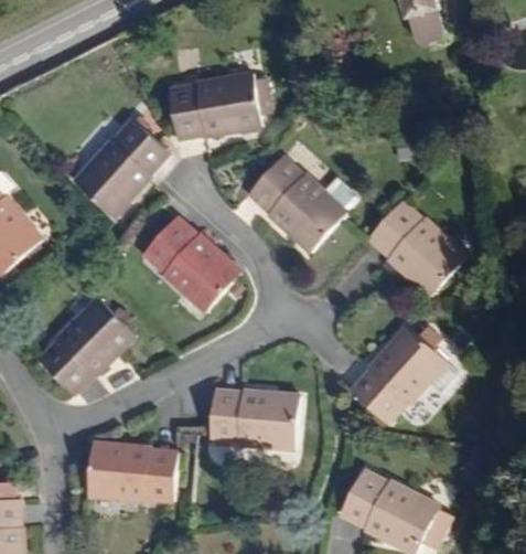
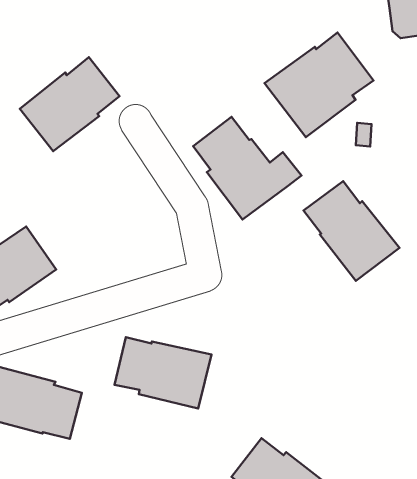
building: none -> [265,33,373,137]
building: [169,73,271,139] -> none
building: [143,219,243,311] -> none
building: [348,323,457,423] -> none

